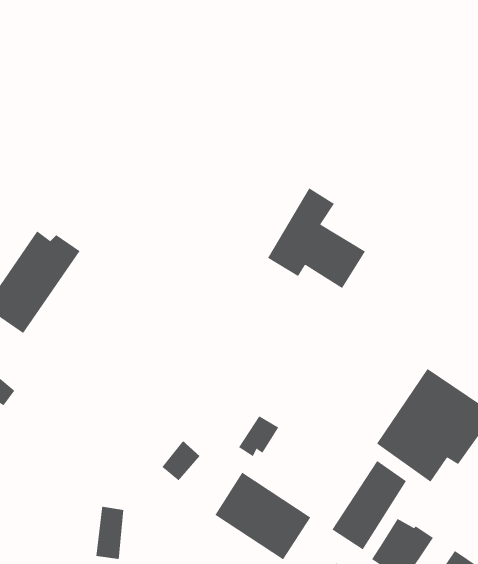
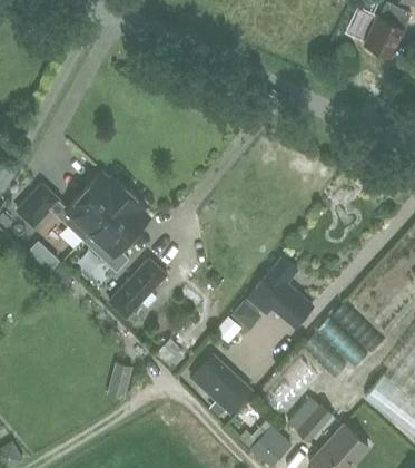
building: [267,187,366,289] -> [247,257,313,328]
building: none -> [81,192,148,273]
building: none -> [109,261,165,319]

